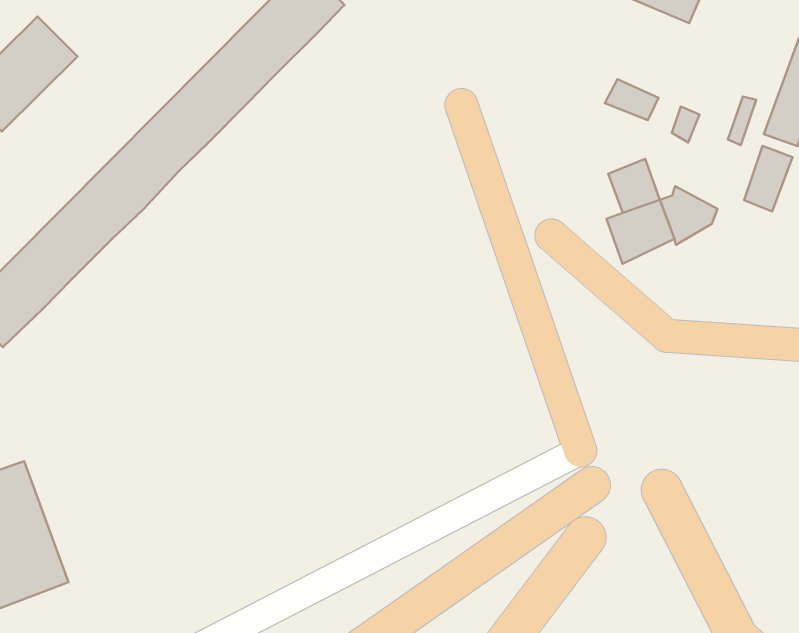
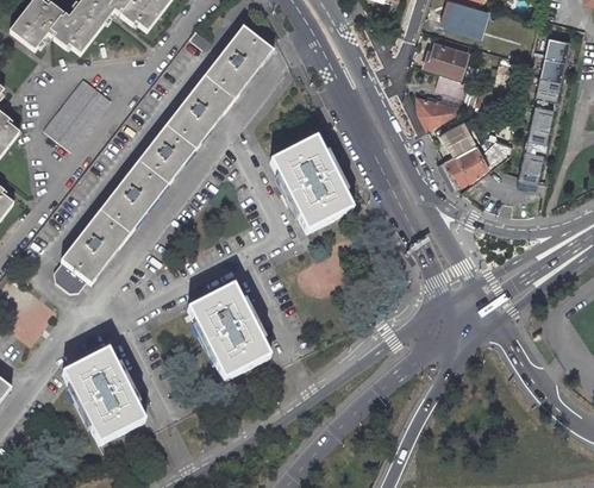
building: none -> [424,40,468,74]
building: none -> [418,95,459,127]
building: none -> [270,137,354,232]
building: none -> [517,148,543,188]
building: none -> [188,284,270,378]

